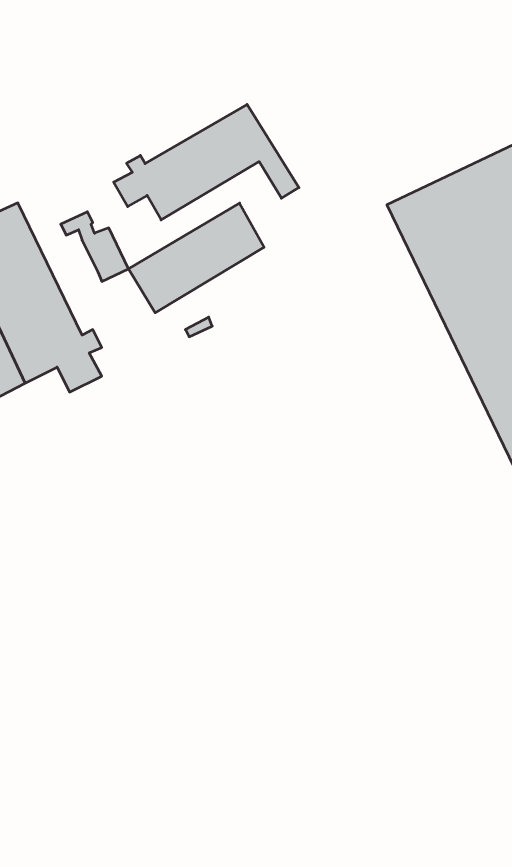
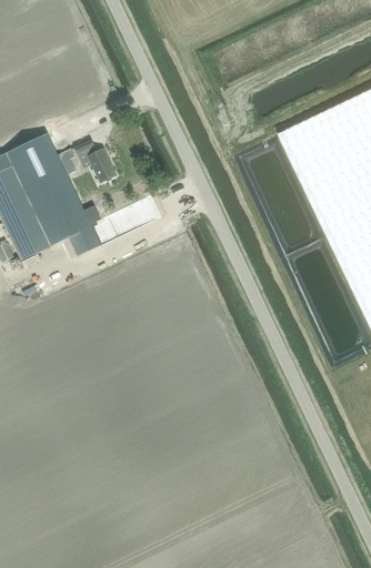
building: [114,104,299,220] -> none
building: [128,203,264,313] -> none

